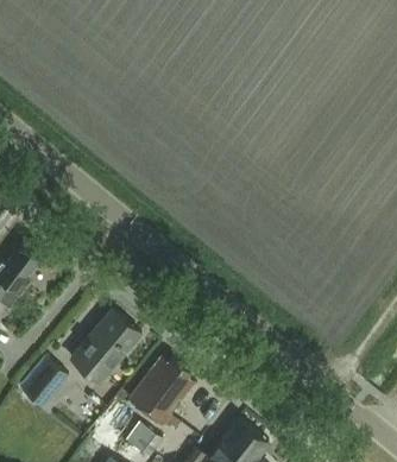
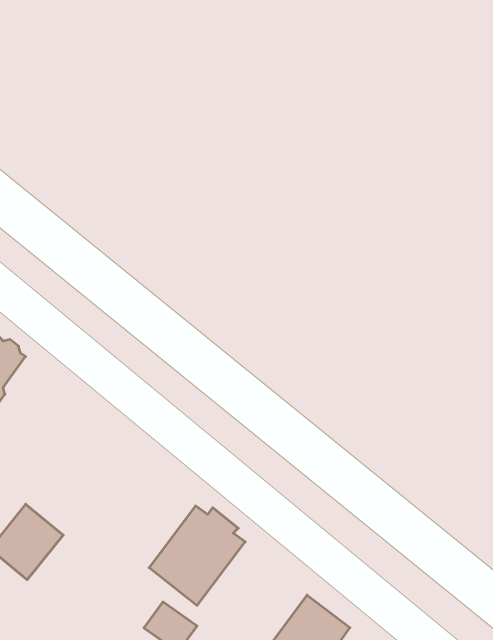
building: [70,309,140,384] -> none

